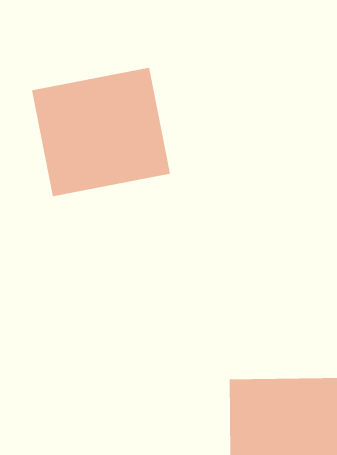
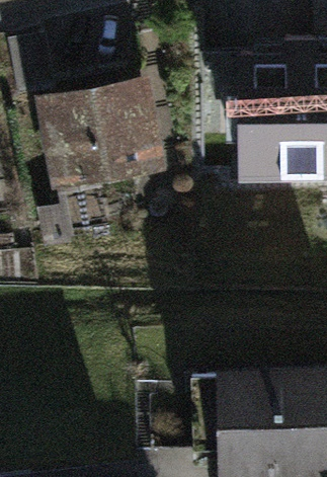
building: none -> [217,57,313,163]

